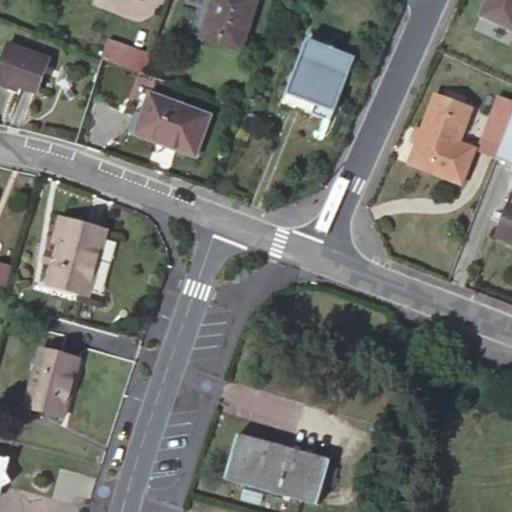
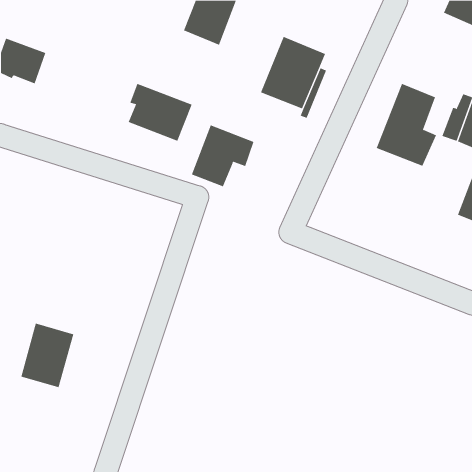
building: [101,36,148,69] -> none
building: none -> [191,125,254,187]
building: [39,219,98,295] -> none
building: [225,432,328,499] -> none

